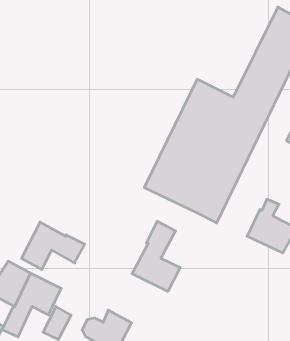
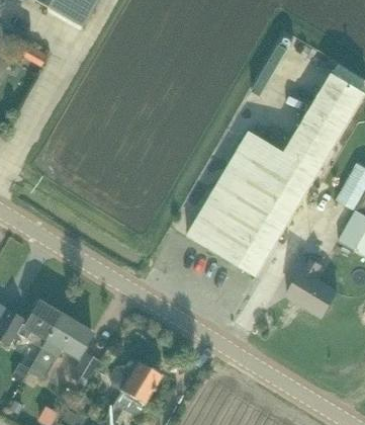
building: [132,221,180,291] -> none
building: [22,222,85,270] -> none

